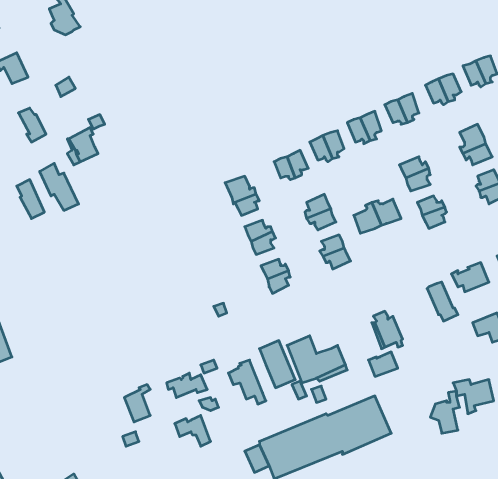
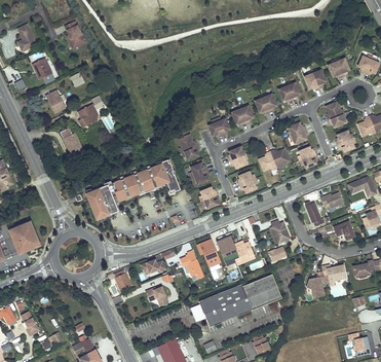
building: none -> [86,159,180,219]

